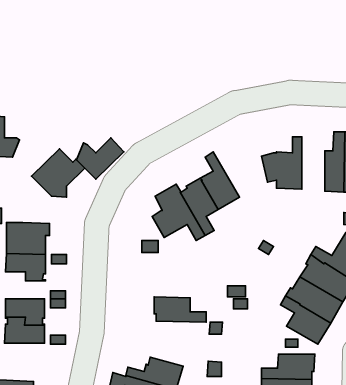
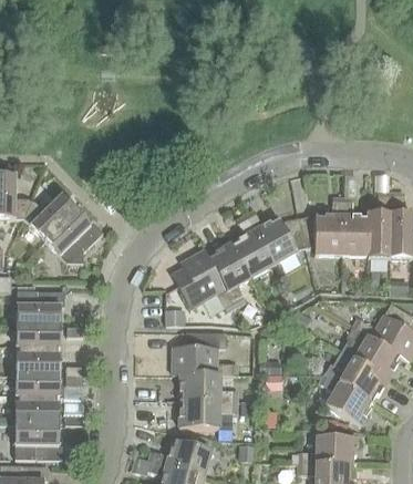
building: none -> [342,198,368,256]
building: [77,138,124,179] -> [23,196,75,241]
building: none -> [245,210,304,265]
building: none -> [172,333,237,375]
building: none -> [16,347,60,377]
building: none -> [178,401,237,429]
building: none -> [14,425,62,461]

